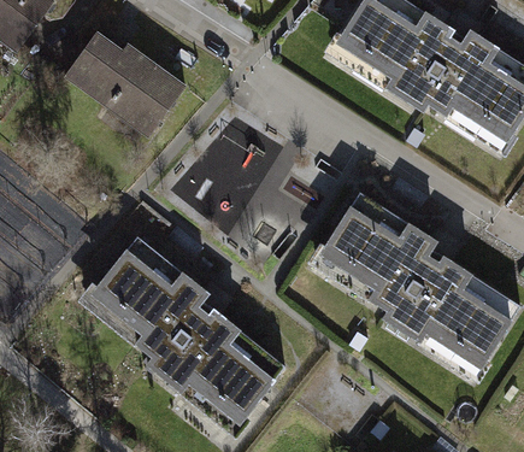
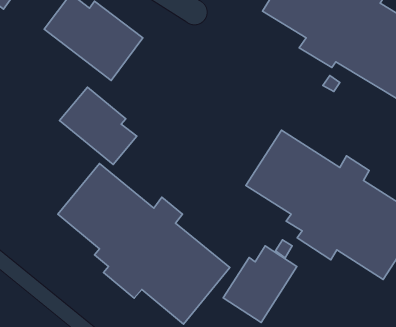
building: none -> [59,87,137,165]
building: none -> [223,246,297,323]

